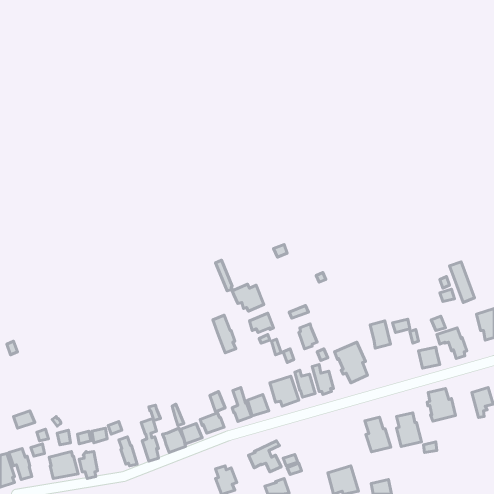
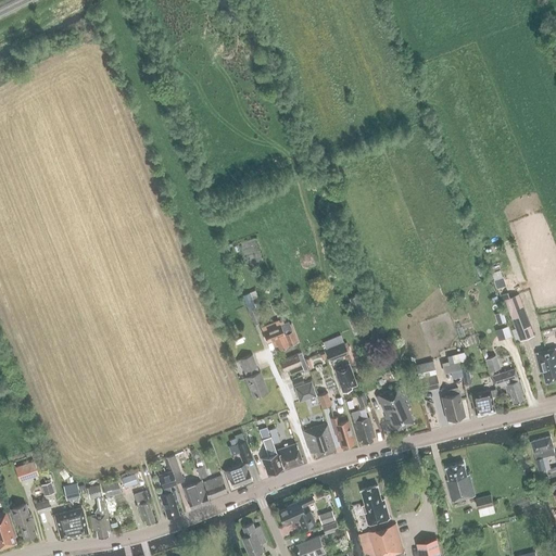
building: none -> [441,388,465,420]
building: [427,389,456,421] -> none
building: [365,417,391,452] -> [359,485,389,525]

